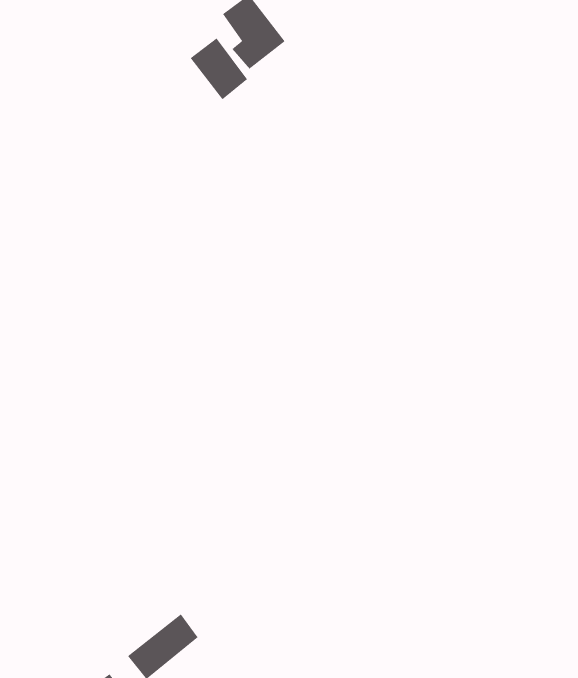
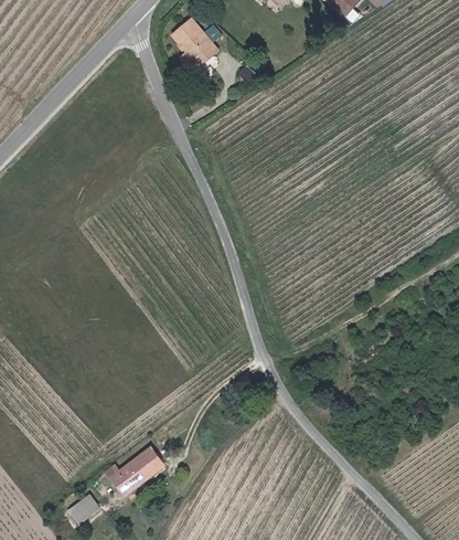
building: [190,37,248,100] -> none

